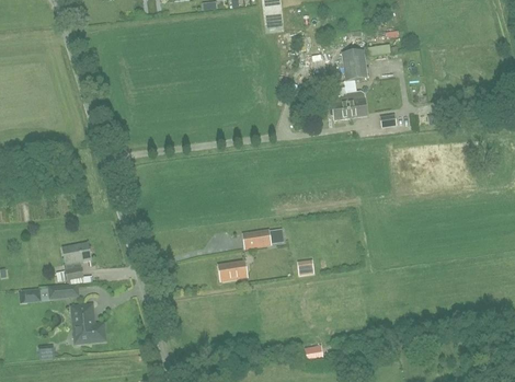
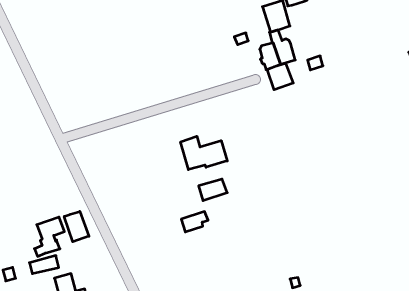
building: none -> [267,63,293,90]
building: none -> [181,136,227,170]
building: none -> [64,211,89,242]

